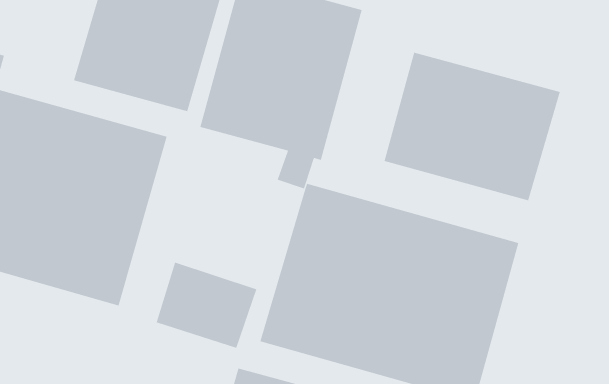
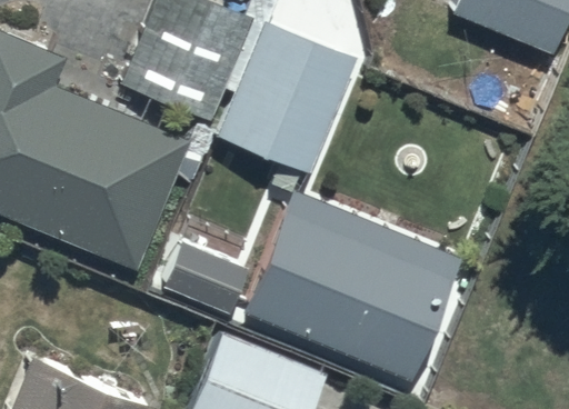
building: [384,52,560,201] -> none

